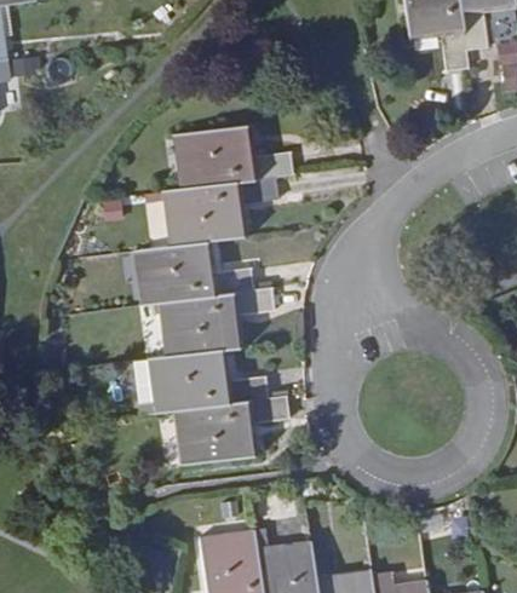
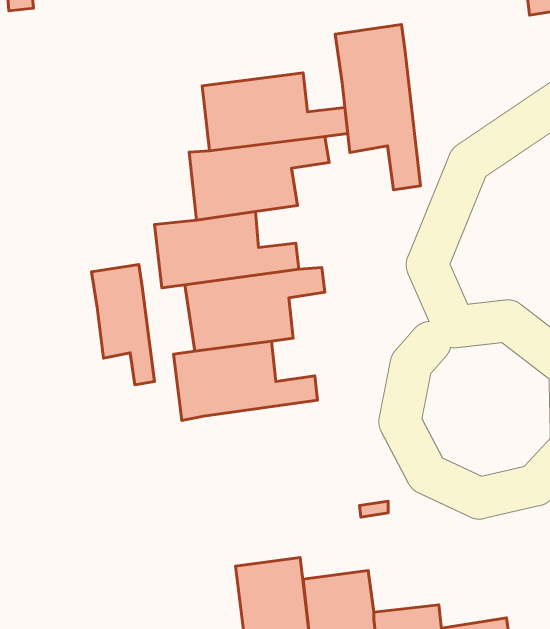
building: none -> [335,25,421,190]
building: none -> [91,264,154,385]
building: [173,395,291,464] -> none

